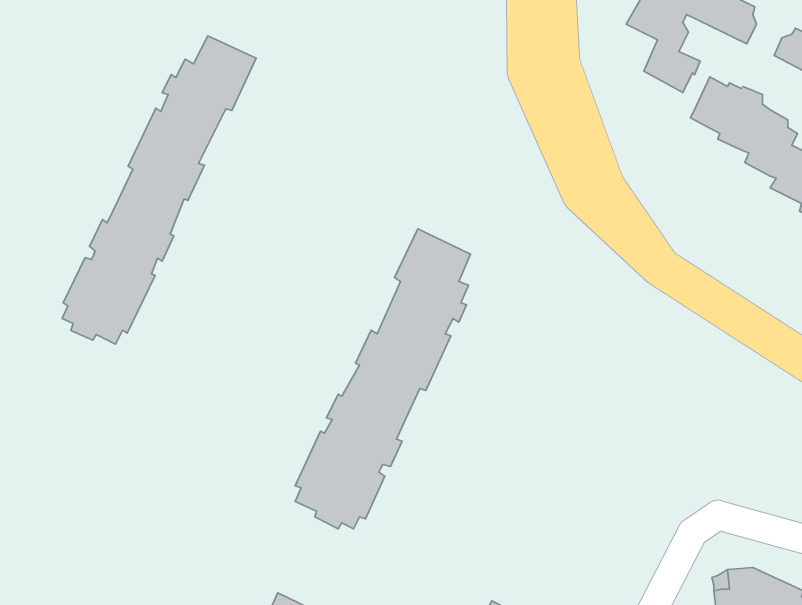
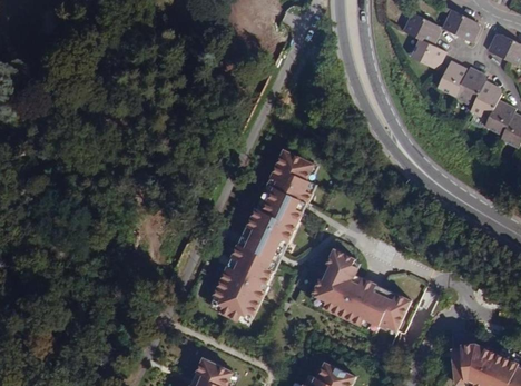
building: [62,36,256,344] -> none
building: none -> [312,249,410,330]

